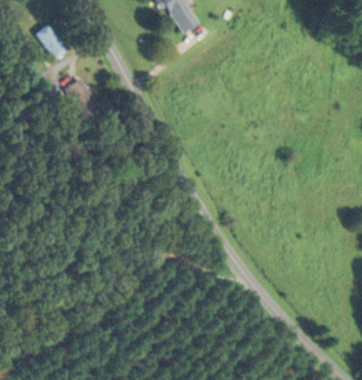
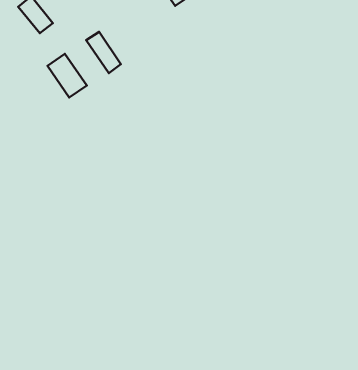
building: none -> [86,32,121,73]

